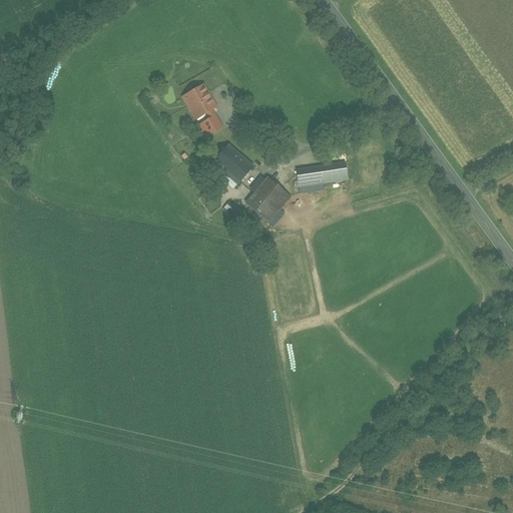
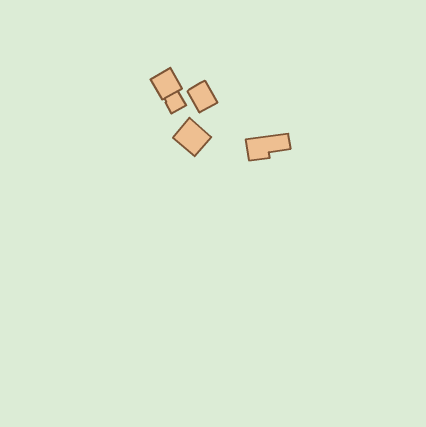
building: none -> [188,81,217,113]
building: [244,175,292,222] -> none

